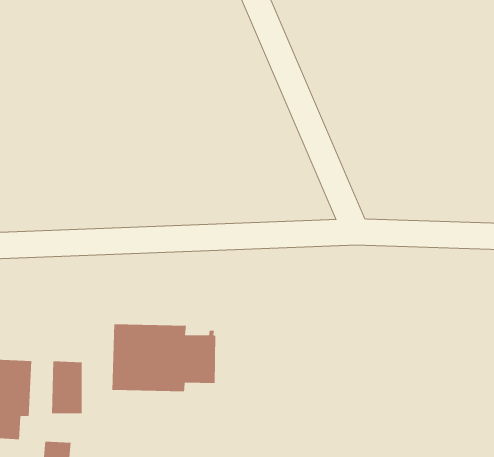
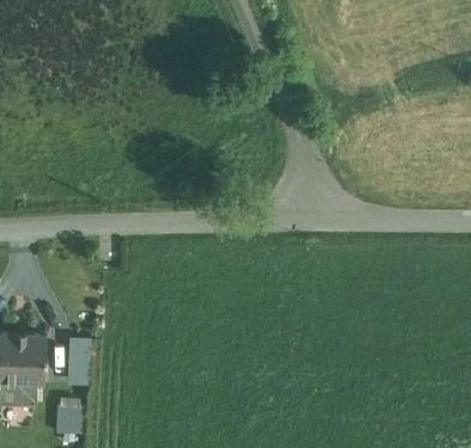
building: [112,323,216,392] -> none

